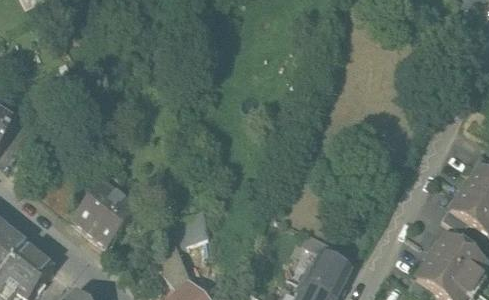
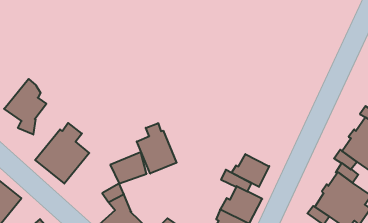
building: none -> [4,79,46,135]
building: none -> [137,123,177,174]
building: none -> [231,154,269,187]

